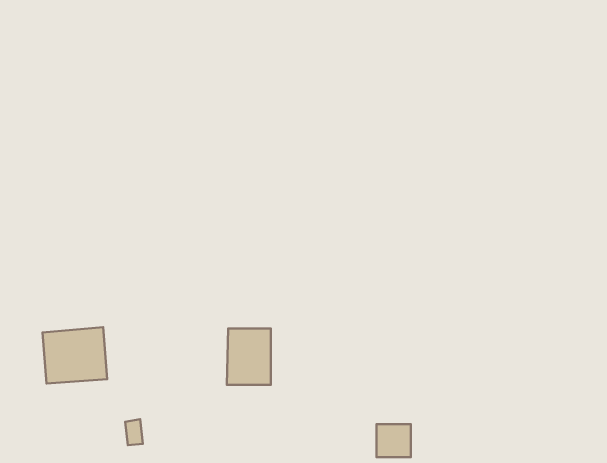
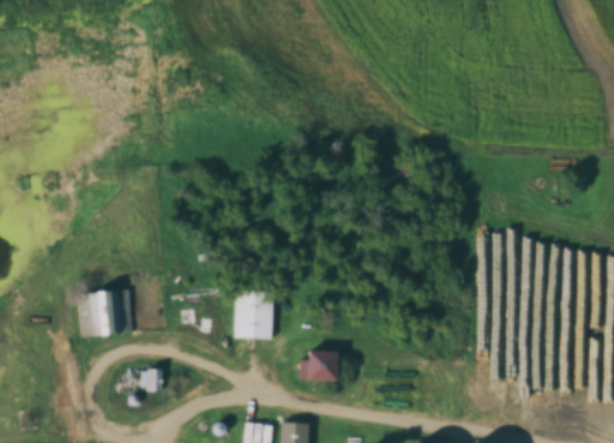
building: [376,424,411,457] -> [312,351,342,379]

